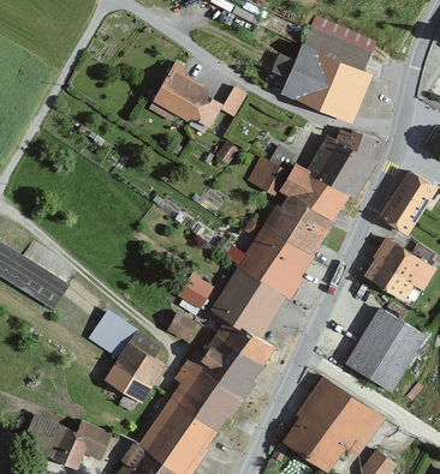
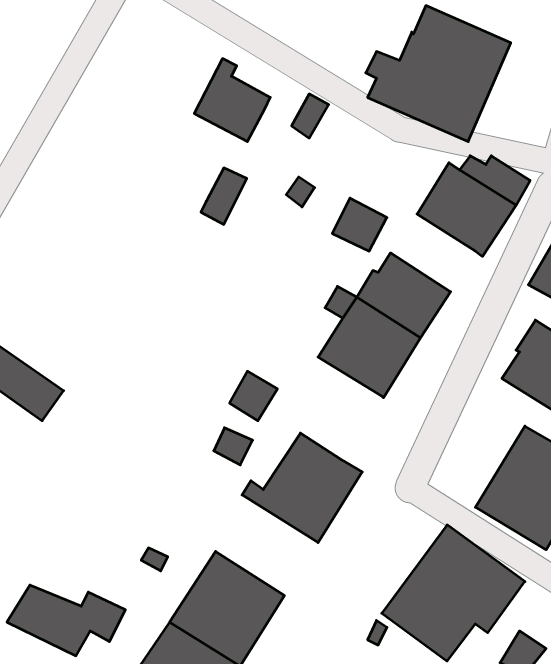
building: [189,95,220,133] -> [201,168,247,224]
building: [280,161,347,220] -> none
building: [214,264,284,334] -> none
building: [90,311,165,400] -> none
building: [171,358,240,426] -> none

